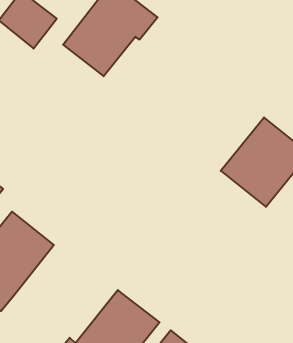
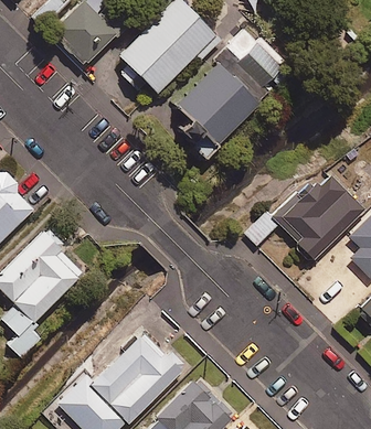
building: none -> [236,43,282,87]
building: none -> [172,58,261,155]

